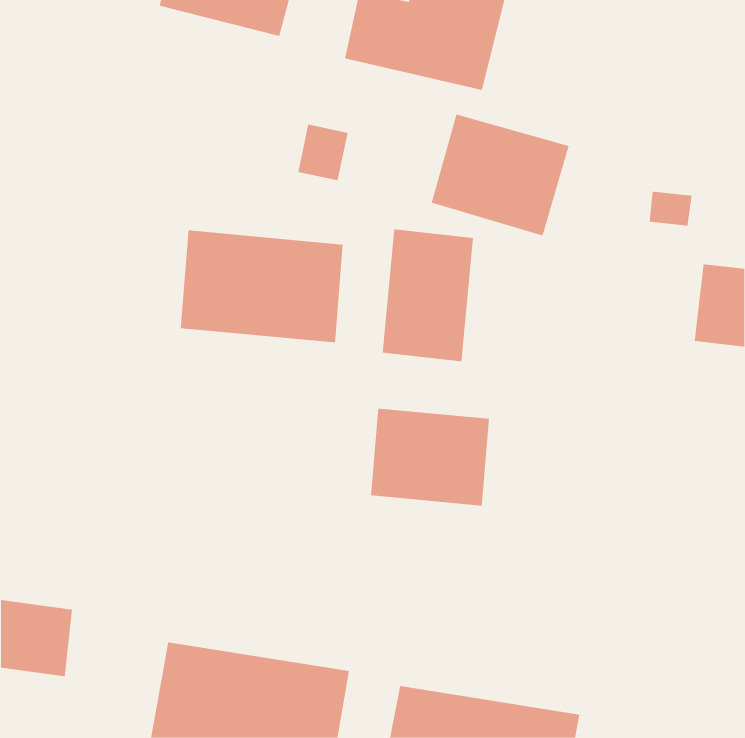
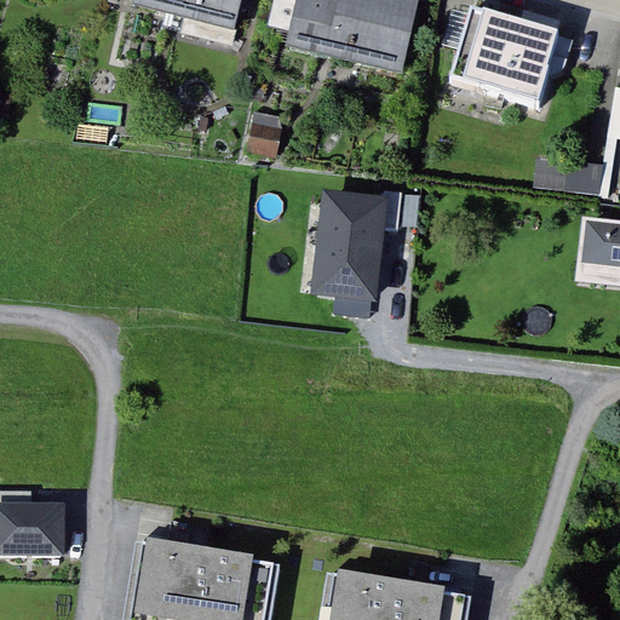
building: [431,114,569,236] -> [448,6,563,108]
building: [180,230,343,343] -> none
building: [370,408,489,506] -> none

